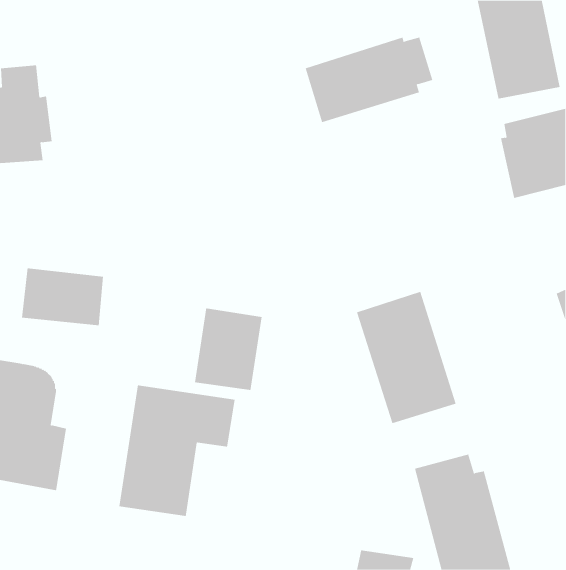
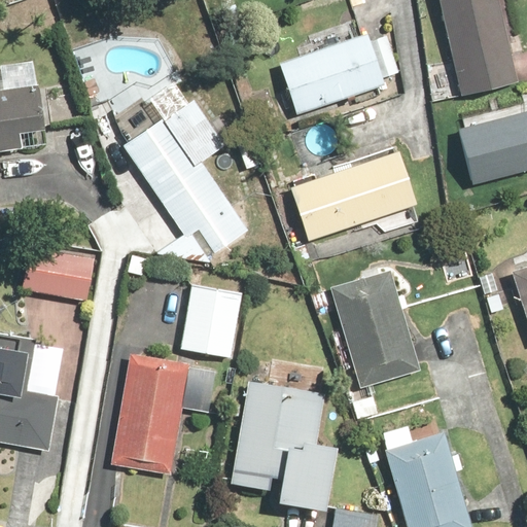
building: none -> [116,80,249,262]
building: none -> [290,149,418,240]
building: none -> [231,363,340,511]

